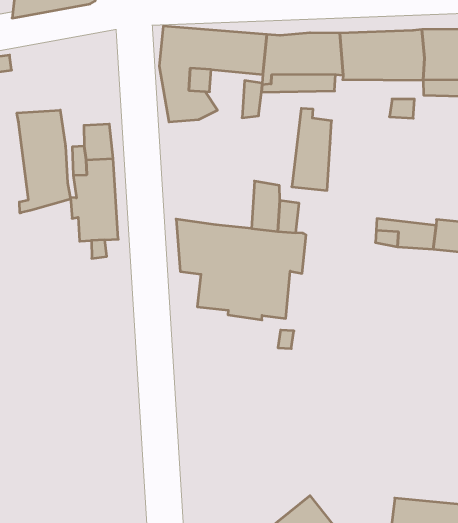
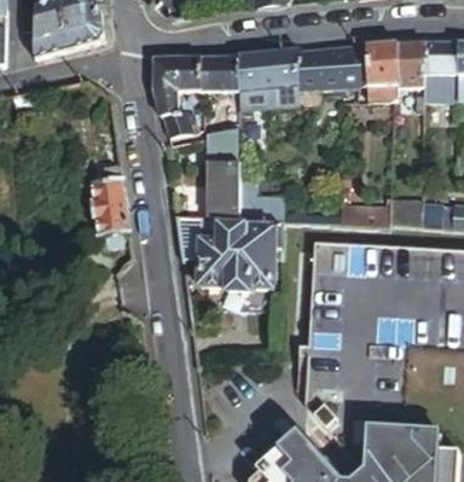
building: [292,108,332,190] -> [208,151,237,216]
building: [17,110,71,213] -> none

